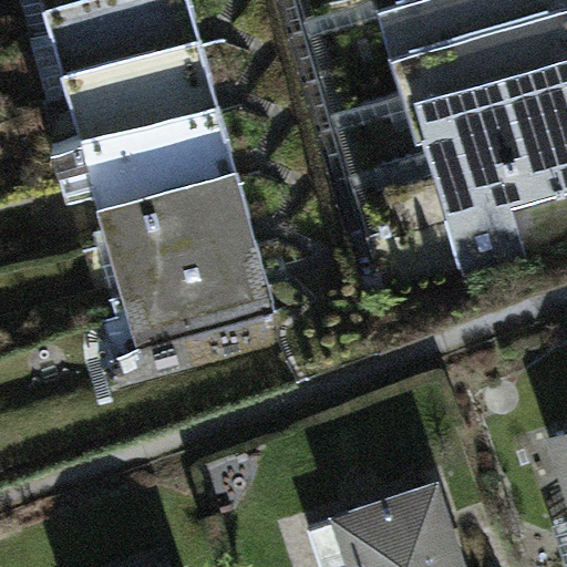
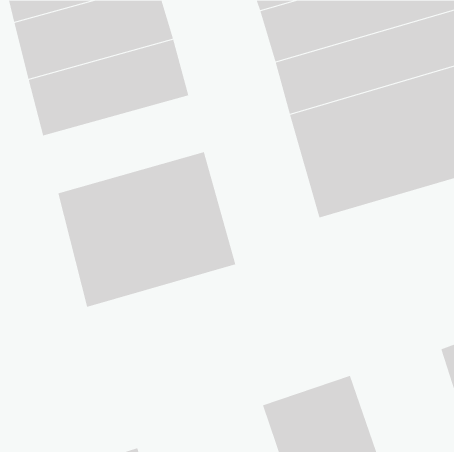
building: [60,128,259,248] -> none

